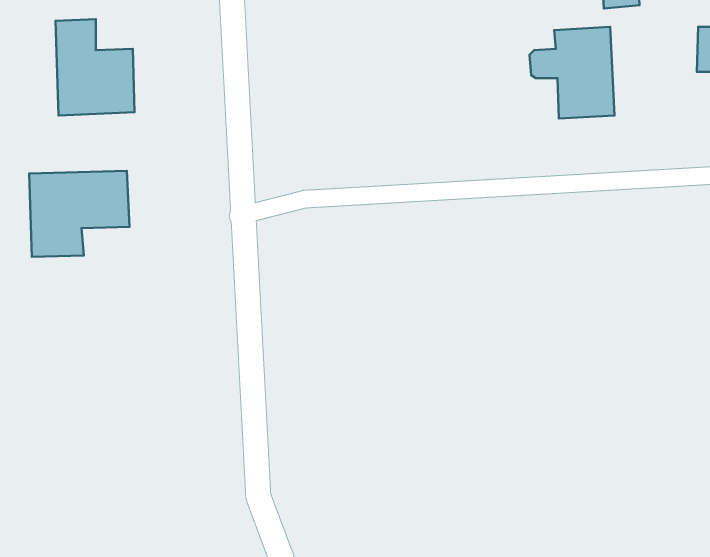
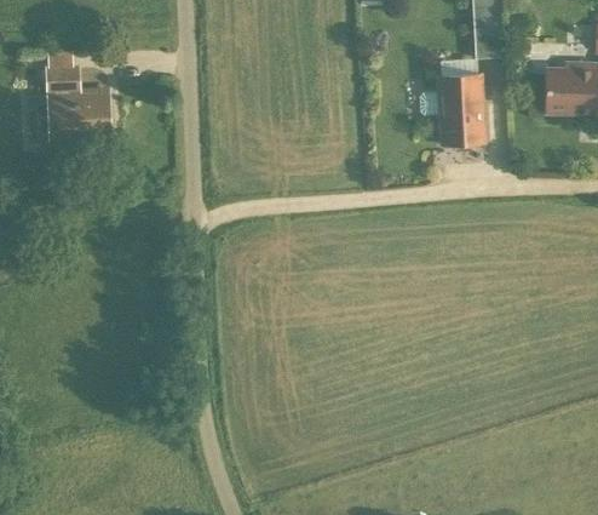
building: [29,171,129,257] -> none

